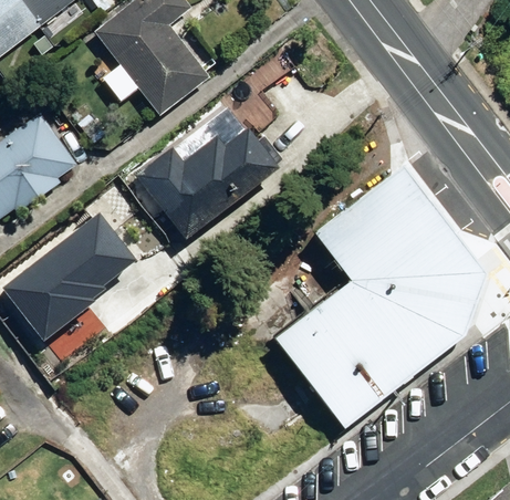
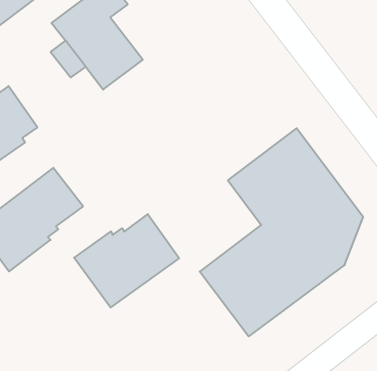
building: [135,128,278,239] -> none
building: none -> [74,214,179,308]

